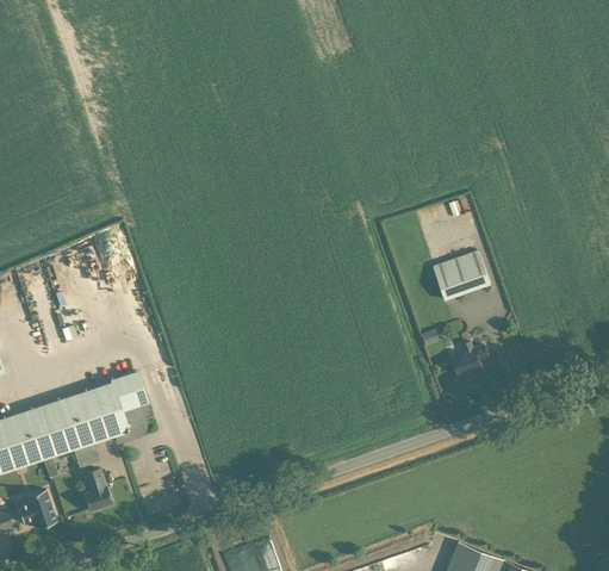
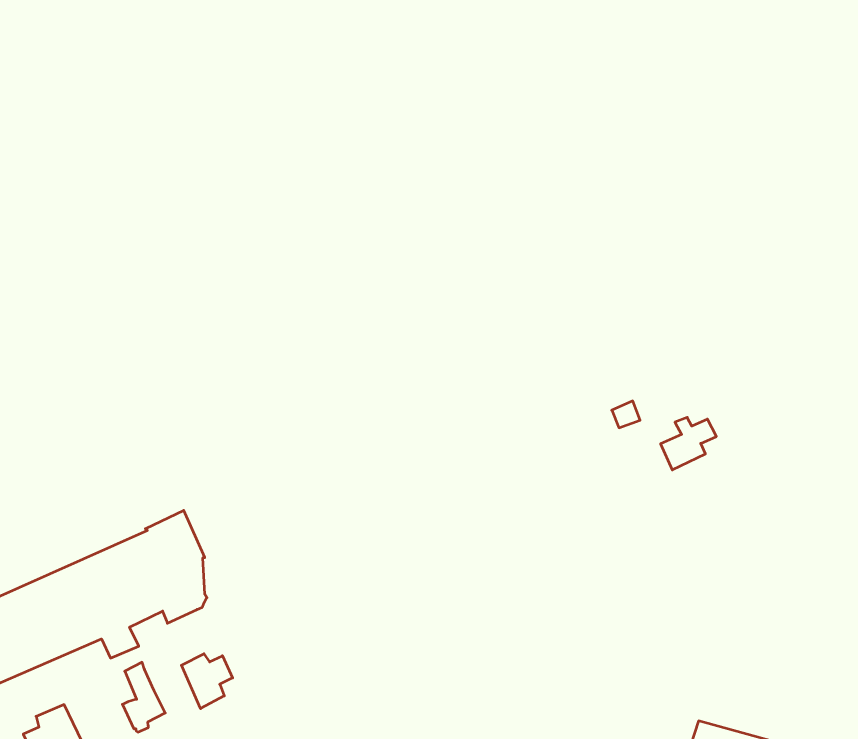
building: [433,252,490,302] -> none
building: none -> [181,654,233,709]

